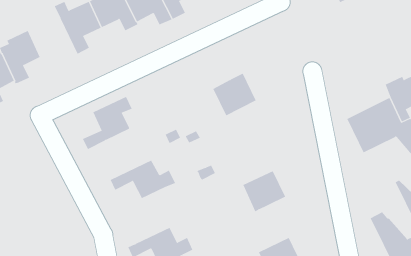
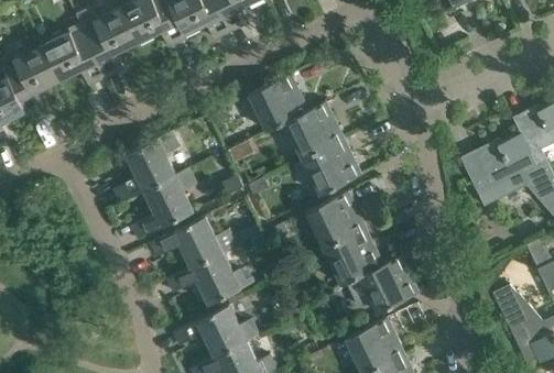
building: none -> [41,30,106,86]
building: none -> [248,74,307,131]
building: none -> [302,138,360,195]
building: none -> [130,168,196,239]
building: none -> [305,191,365,249]
building: none -> [166,252,253,305]
building: none -> [346,255,417,312]

